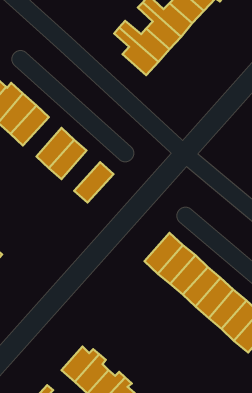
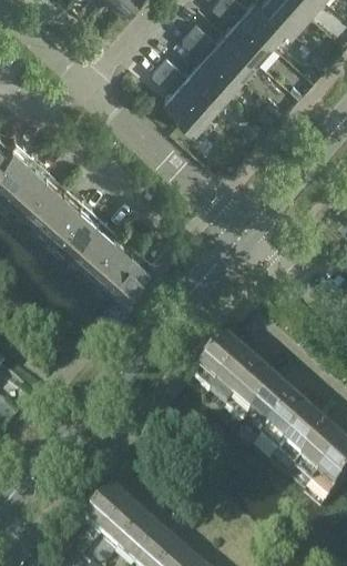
building: none -> [31,185,82,237]
building: none -> [82,230,133,283]

